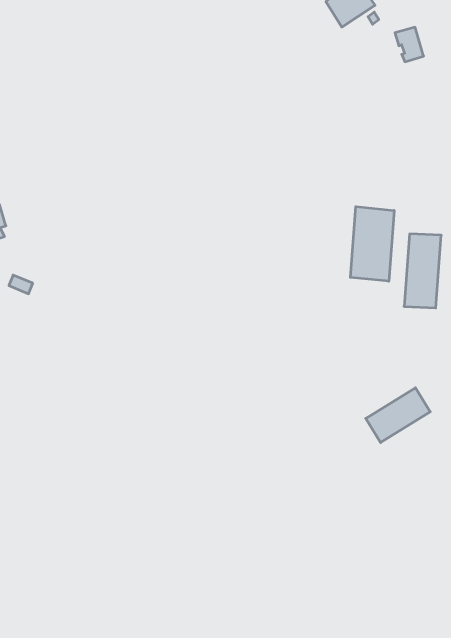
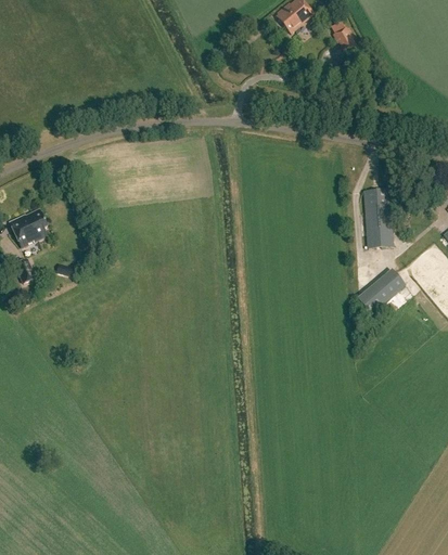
building: [350,207,394,281] -> none
building: [366,388,430,443] -> [354,267,404,313]

